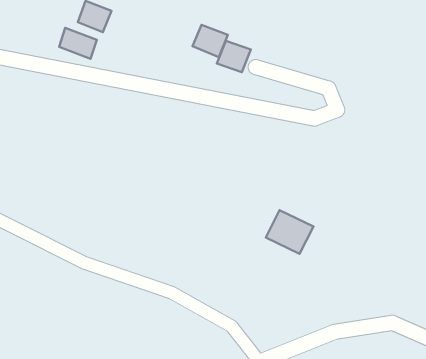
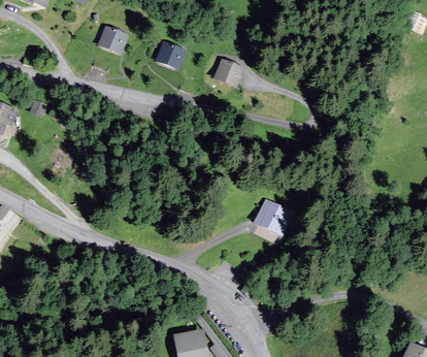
building: [193,25,228,57] -> [156,42,185,69]
building: [59,28,97,59] -> none

